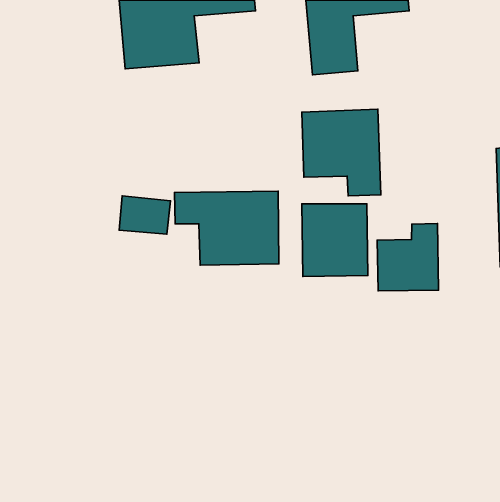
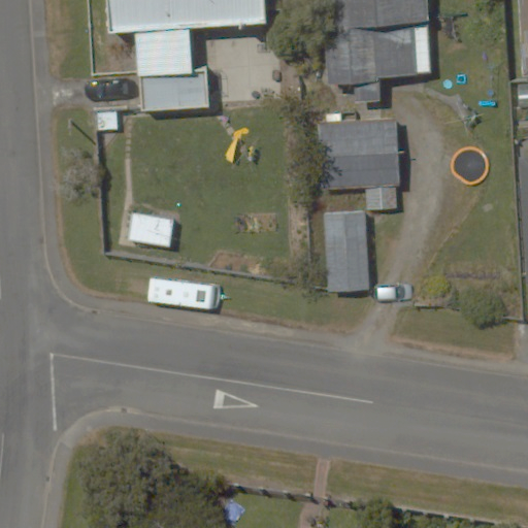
building: [175,191,279,265] -> none
building: [377,224,438,291] -> none

